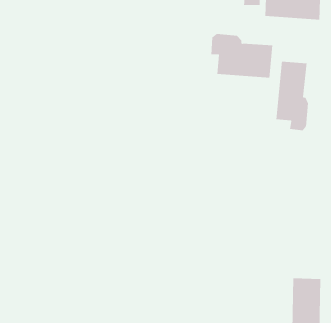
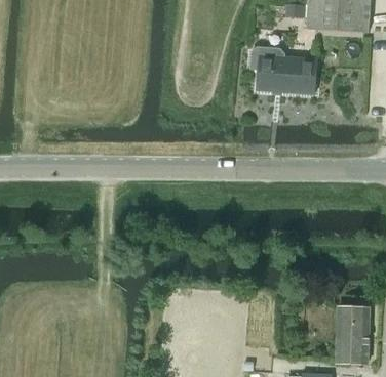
building: [276,61,309,131] -> none

